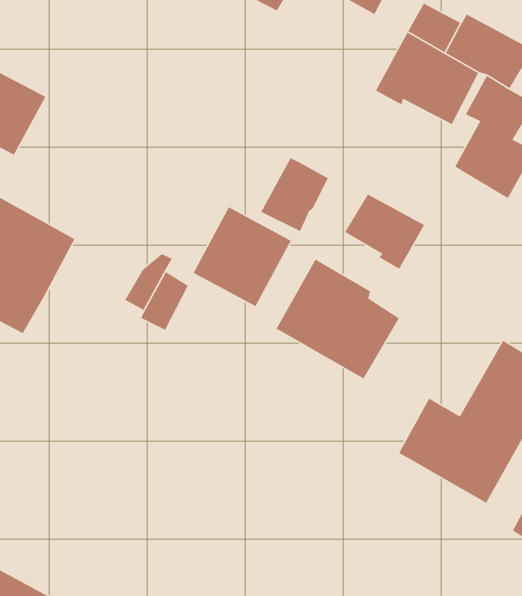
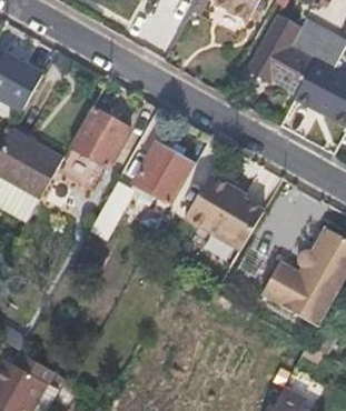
building: none -> [70,106,130,164]
building: [260,157,329,232] -> none
building: [344,193,425,270] -> none

